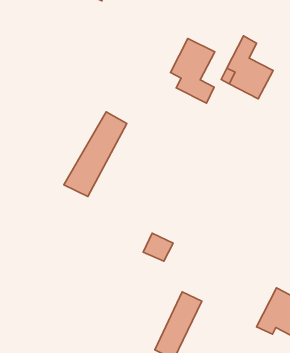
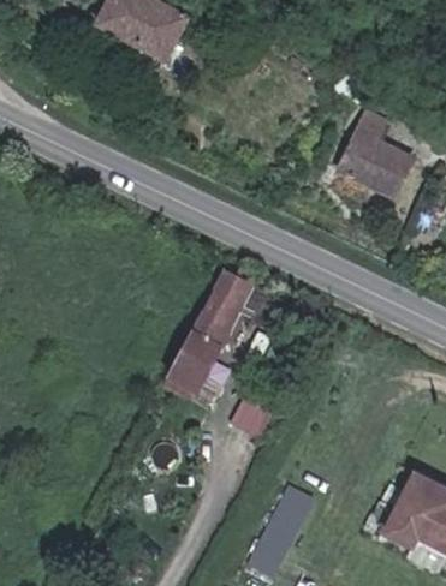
building: [170,38,215,103] -> none
building: [64,112,127,197] -> [165,270,256,393]

